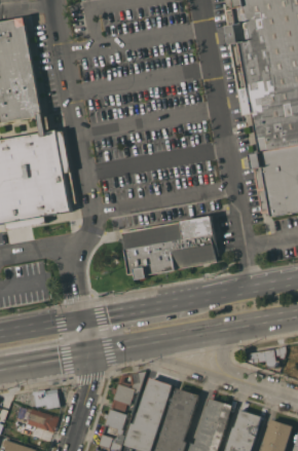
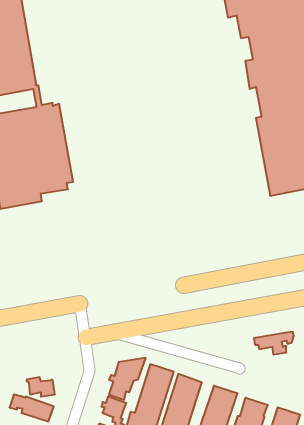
building: [121,216,218,279] -> none

